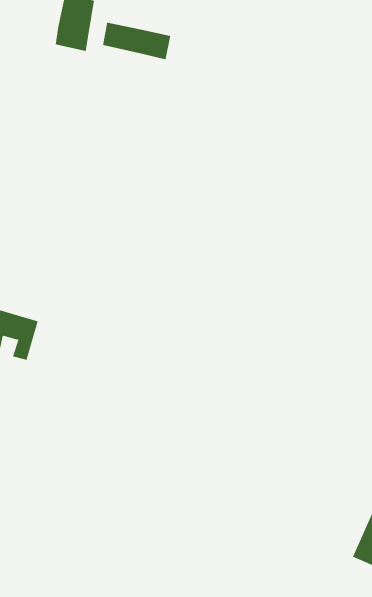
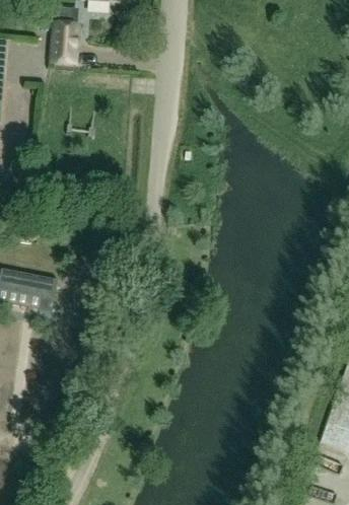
building: [102,22,171,60] -> none

